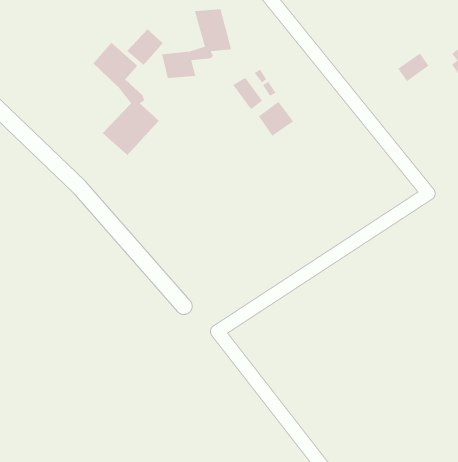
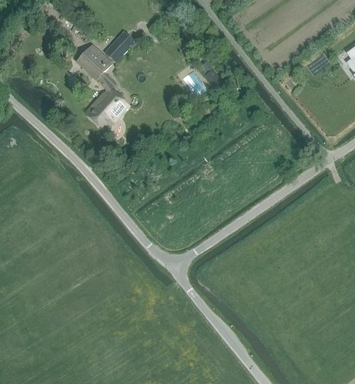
building: [161,8,232,79] -> none
building: [258,101,294,137] -> none

